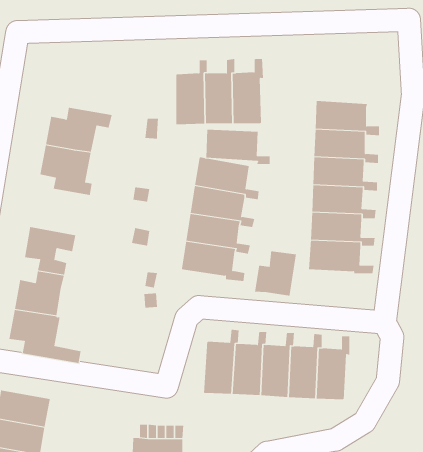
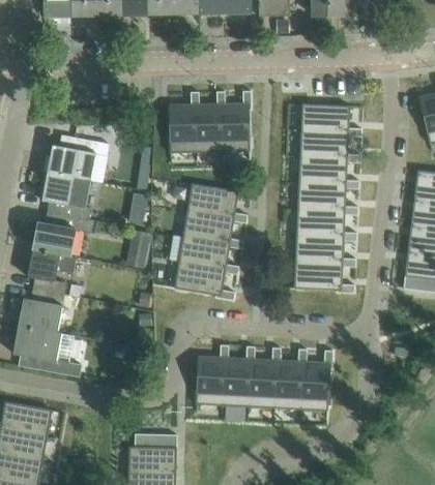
building: [205,129,271,165] -> [301,103,363,137]
building: none -> [33,213,94,256]
building: [255,251,297,296] -> none

